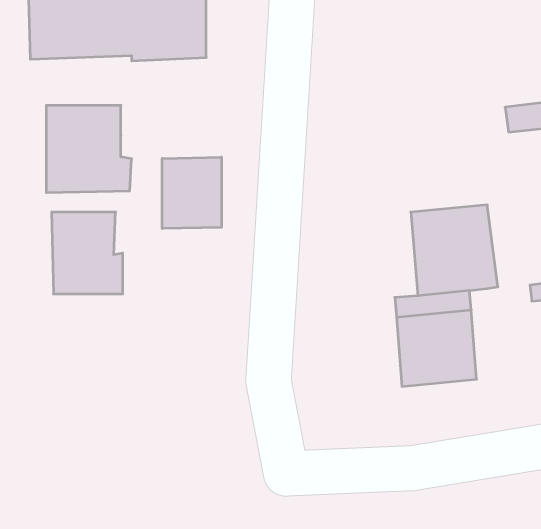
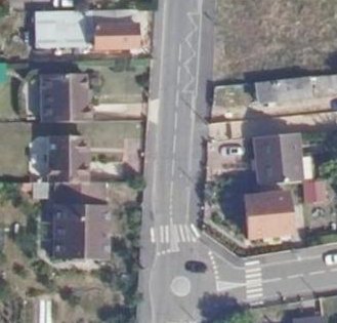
building: none -> [258,75,313,100]
building: [162,157,221,229] -> none
building: none -> [58,204,109,259]

